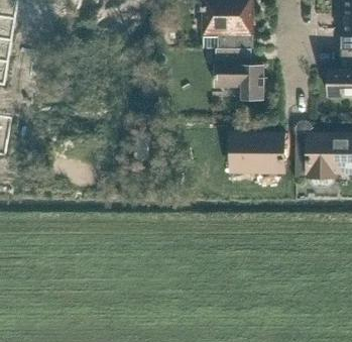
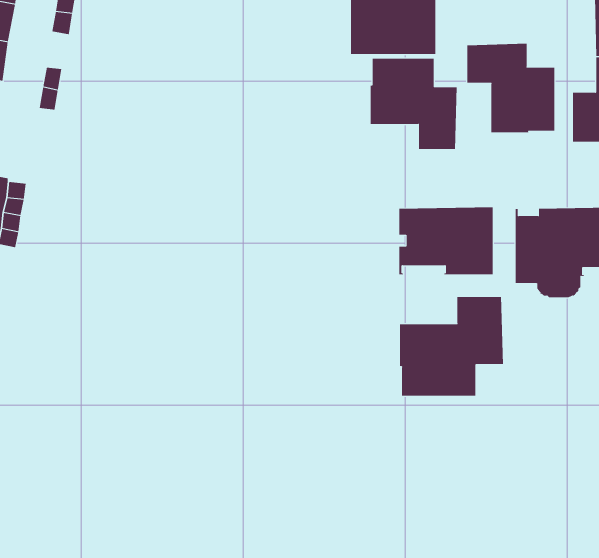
building: none -> [467,43,555,133]
building: none -> [399,296,504,396]

